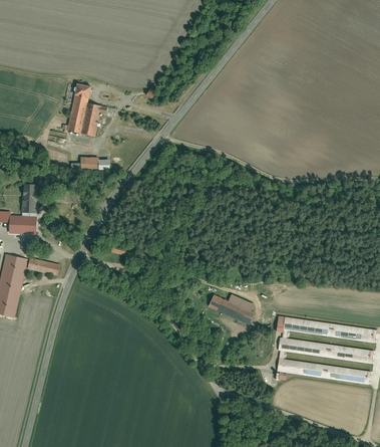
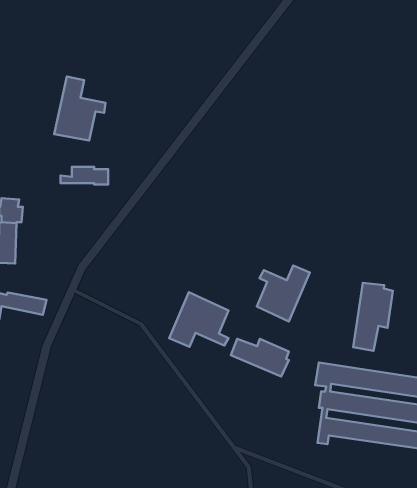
building: none -> [257,265,310,321]
building: none -> [353,283,393,351]
building: none -> [169,292,228,347]

